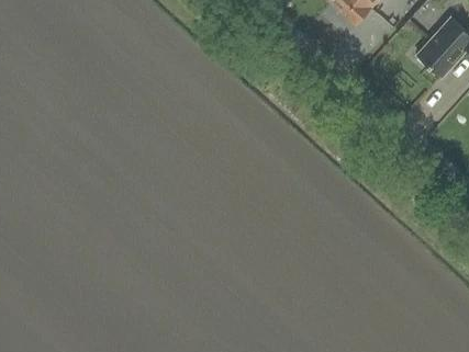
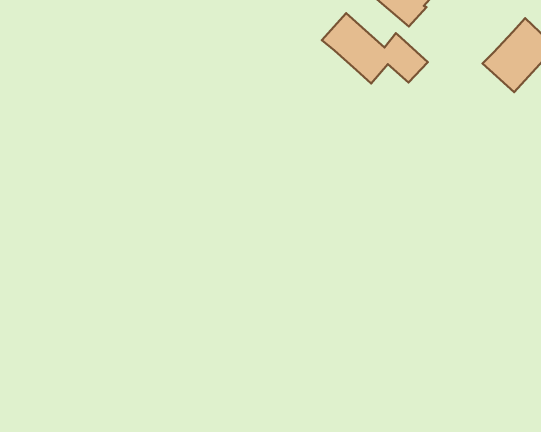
building: none -> [322,13,428,83]

